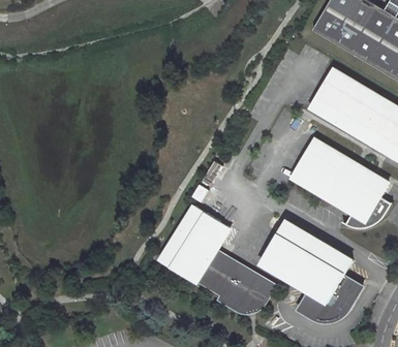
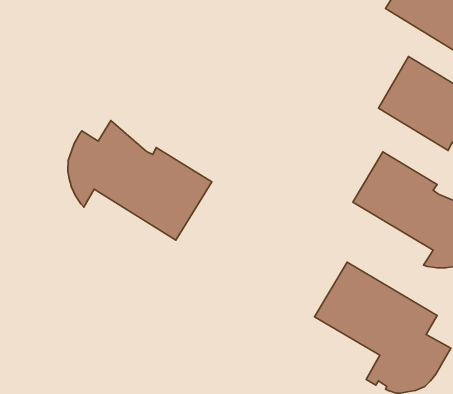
building: none -> [68,120,212,240]
building: [158,208,274,312] -> none

